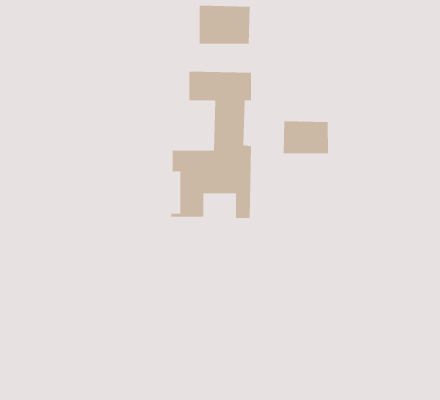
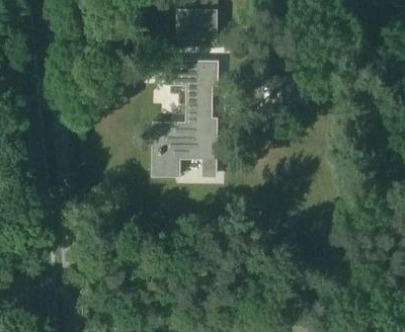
building: [283,121,329,154] -> none

